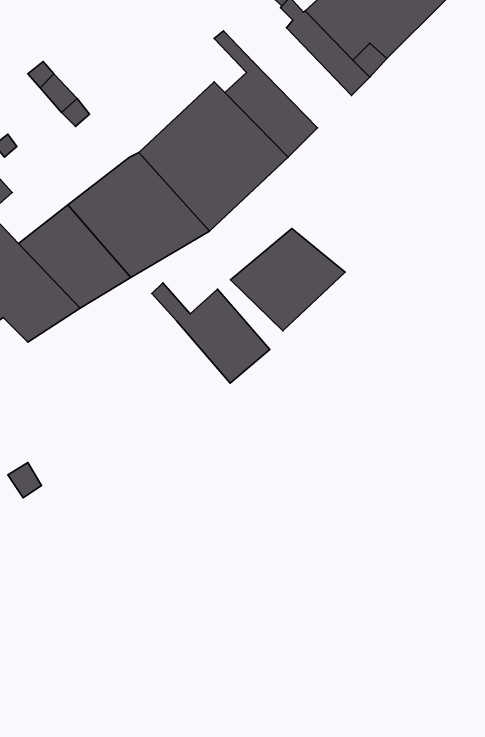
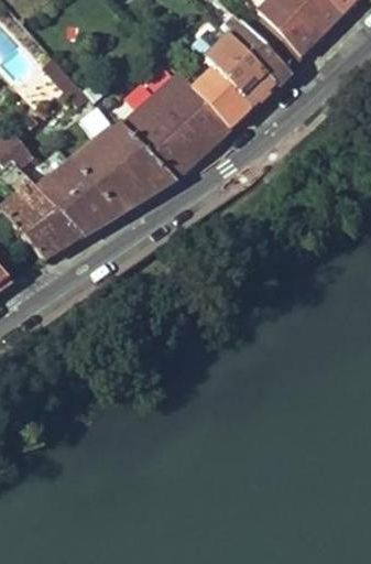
building: none -> [204,35,274,107]
building: [231,229,345,331] -> none
building: [152,283,270,383] -> none

